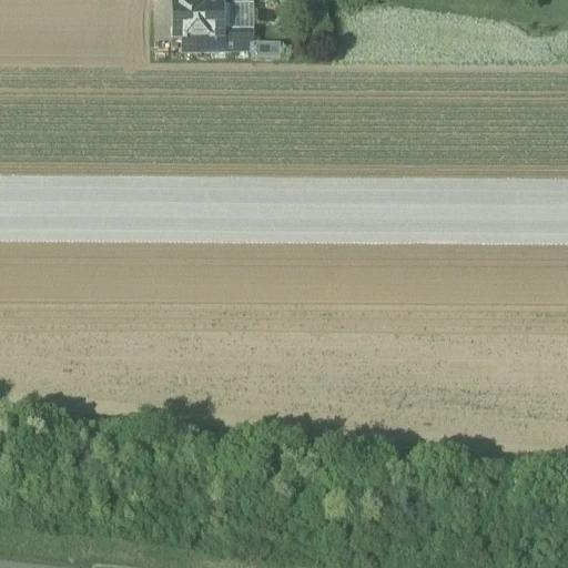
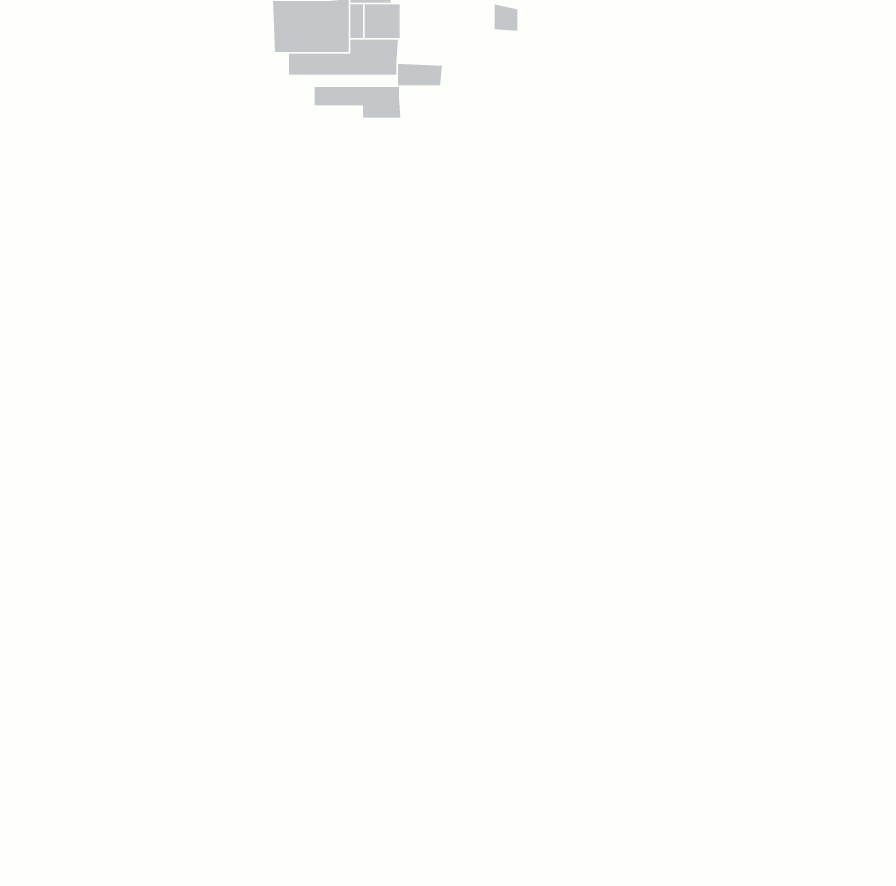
building: none -> [314,86,401,119]

